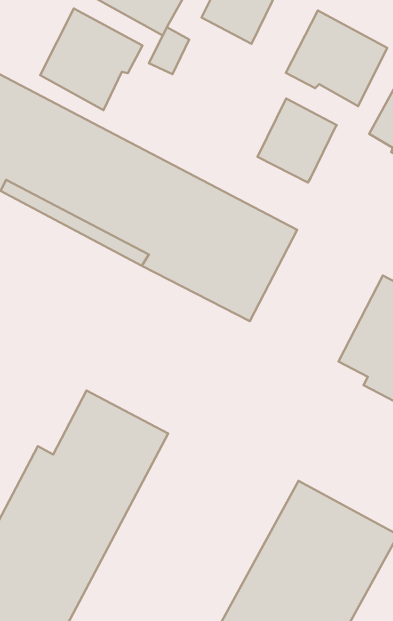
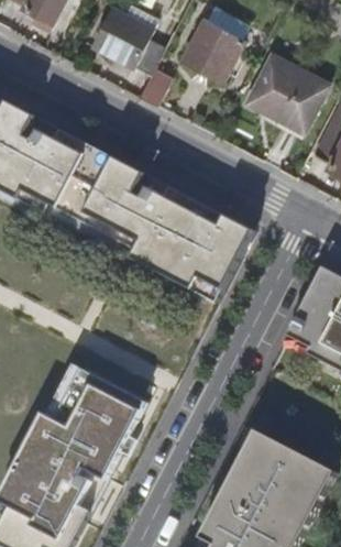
building: [40,8,142,110] -> none
building: [258,99,337,182] -> none

